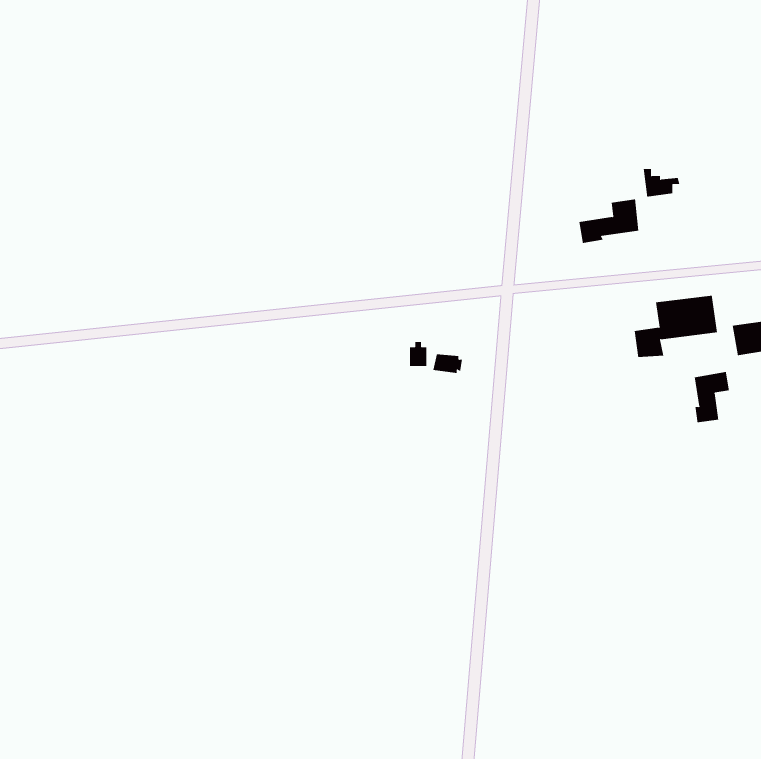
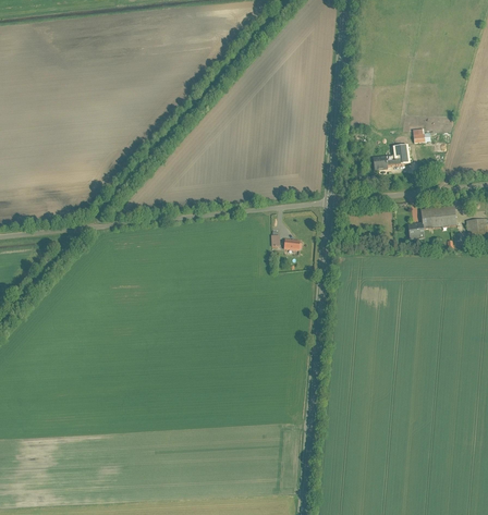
building: [694,371,729,423] -> none

